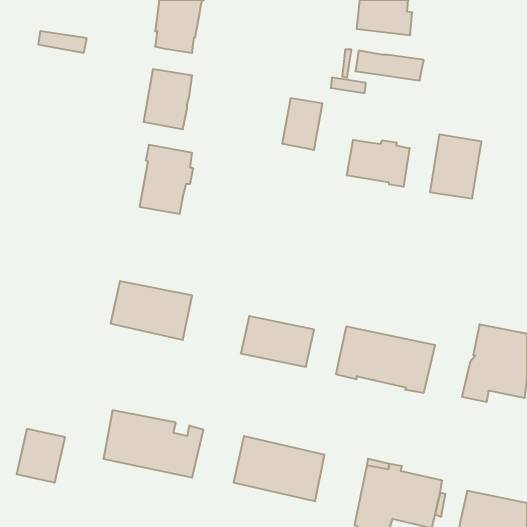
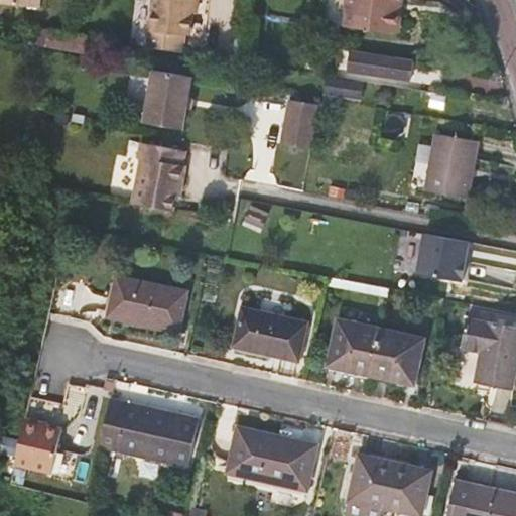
building: [347,140,410,187] -> none
building: none -> [416,233,469,280]

